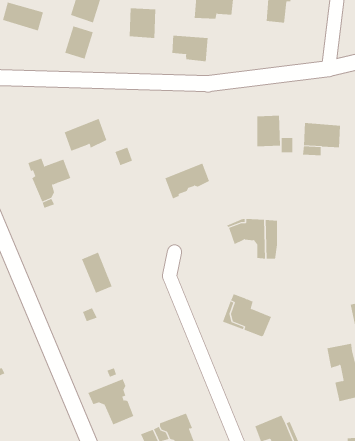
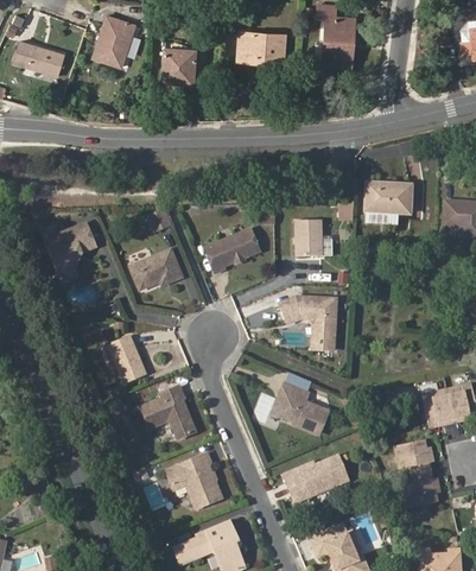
building: [65,25,93,59] -> none
building: [172,35,208,62] -> none
building: [257,115,281,147] -> [293,221,322,258]
building: [64,118,107,151] -> [129,249,180,288]
building: none -> [141,387,195,439]
building: none -> [283,456,348,499]
building: [88,379,134,425] -> [166,455,221,509]

